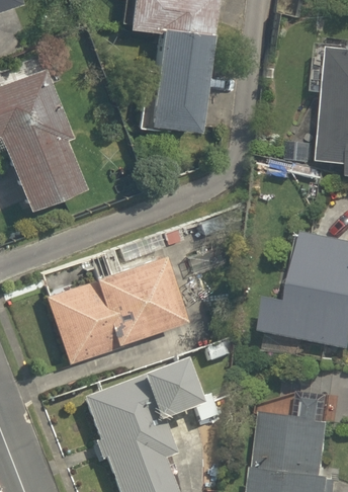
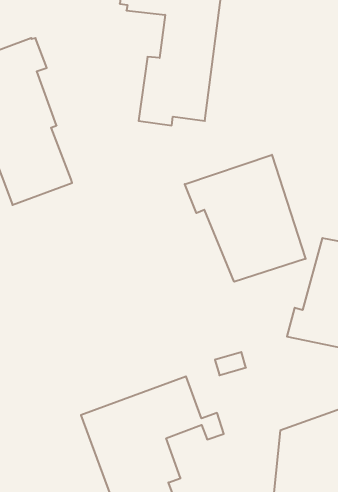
building: none -> [185,155,306,282]
building: [46,255,187,364] -> none

